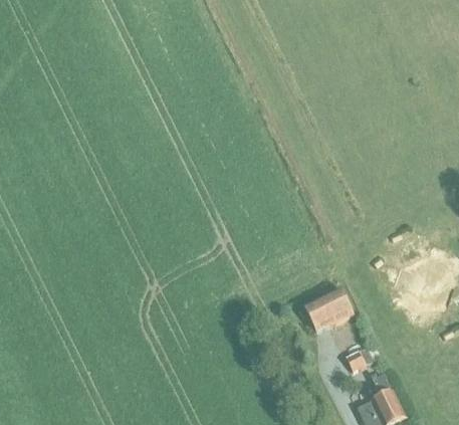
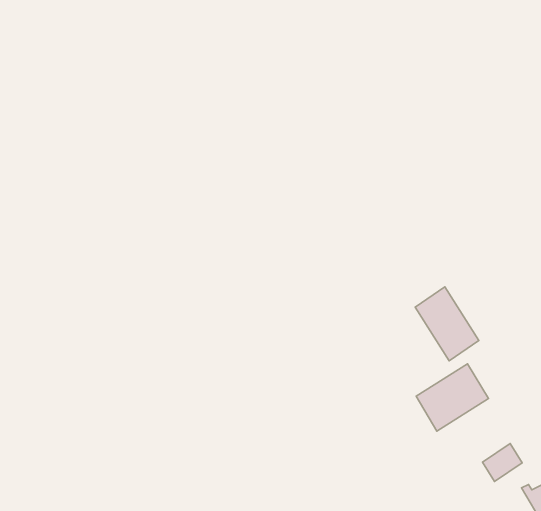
building: none -> [415,287,479,361]

